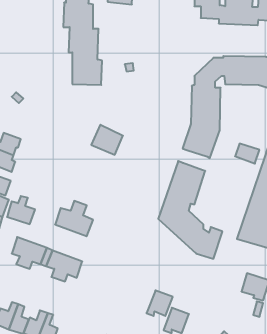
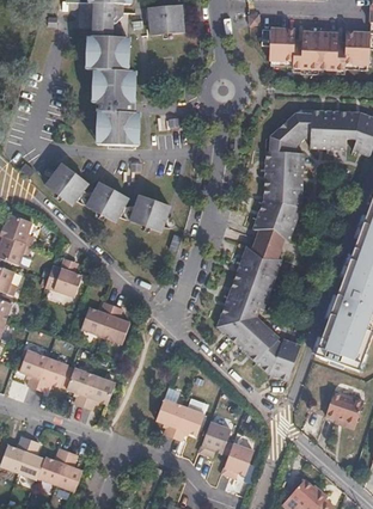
building: none -> [44,162,86,206]
building: none -> [82,188,126,227]
building: [235,144,259,164] -> [246,235,279,262]
building: [7,196,35,224] -> [44,259,81,296]
building: none -> [155,397,204,440]

